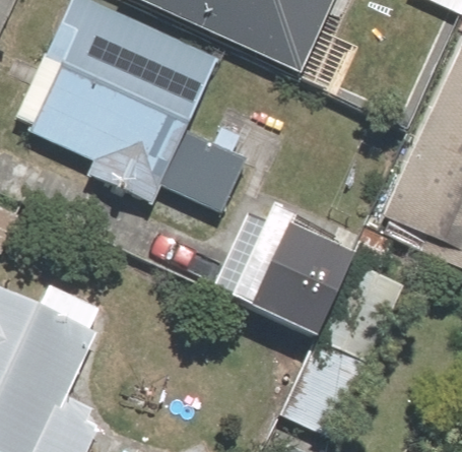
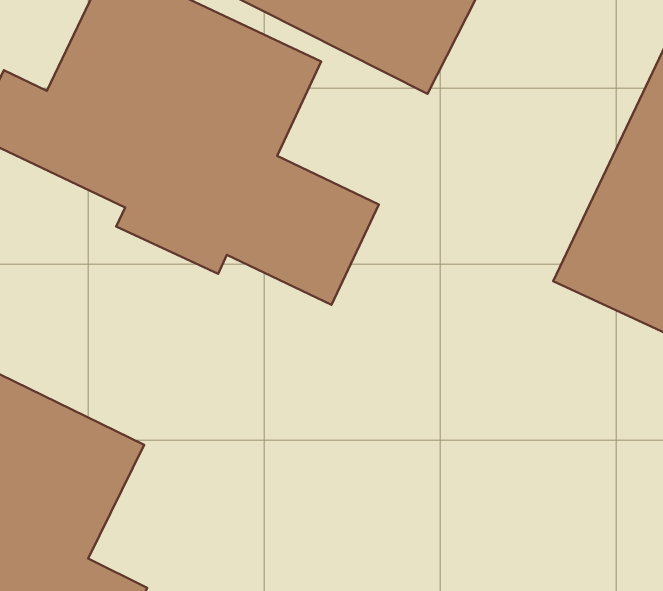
building: [224,201,359,340] -> none

